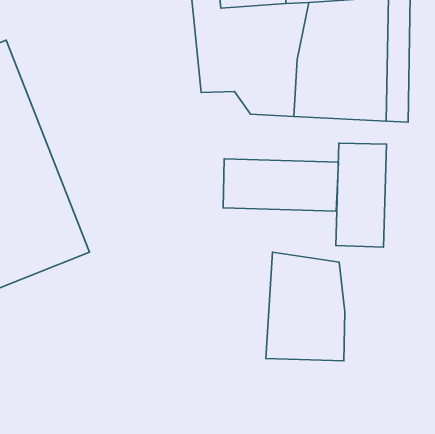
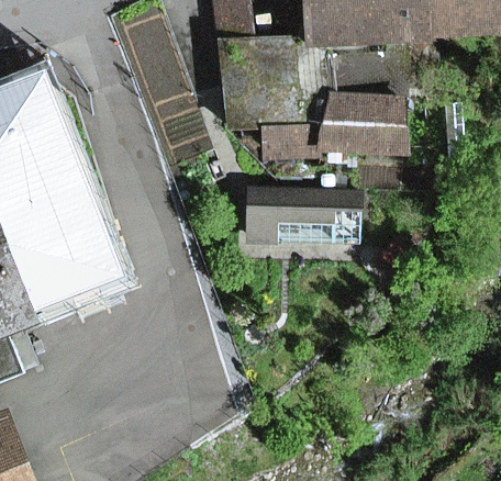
building: [336,143,387,247] -> none
building: [266,252,345,361] -> none

